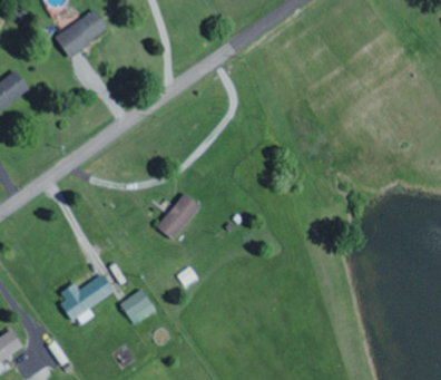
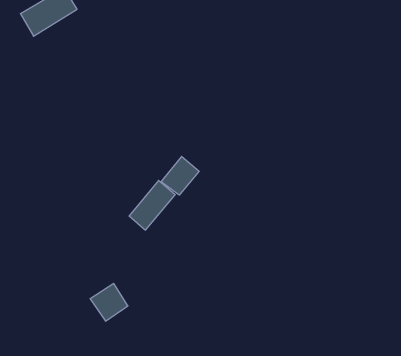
building: none -> [161,156,199,195]
building: [57,274,115,320] -> none

